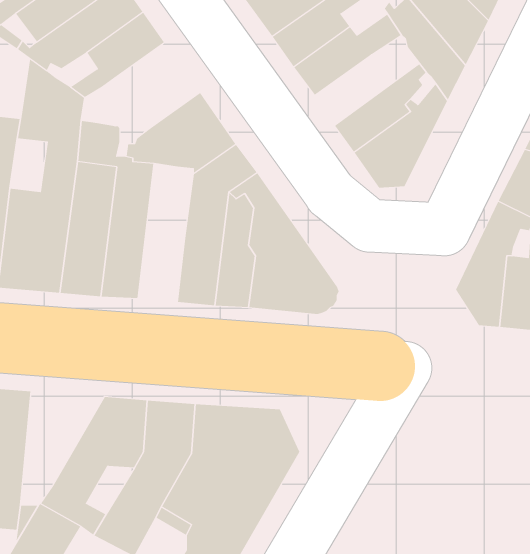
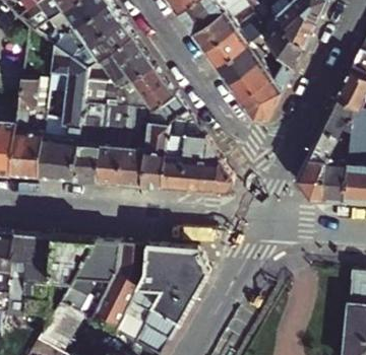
building: none -> [103,40,151,88]
building: none -> [217,43,277,87]
building: none -> [116,109,142,188]
building: none -> [50,238,97,292]

